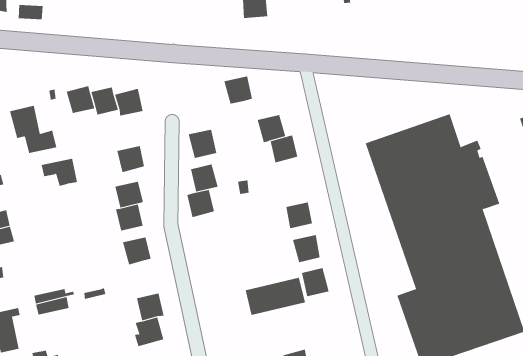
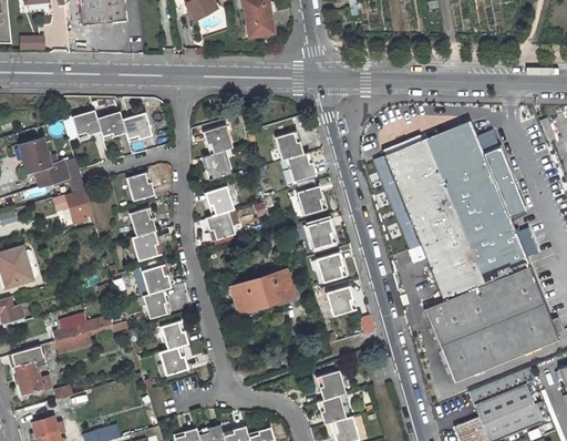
building: [224,76,253,104] -> [203,125,234,155]
building: none -> [297,185,327,216]
building: none -> [143,289,173,319]
building: [245,277,306,316] -> [231,270,295,312]

